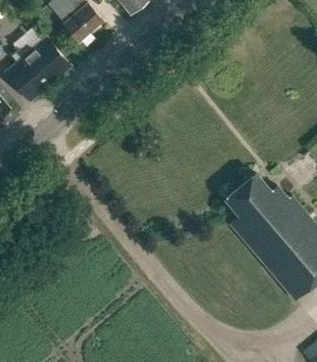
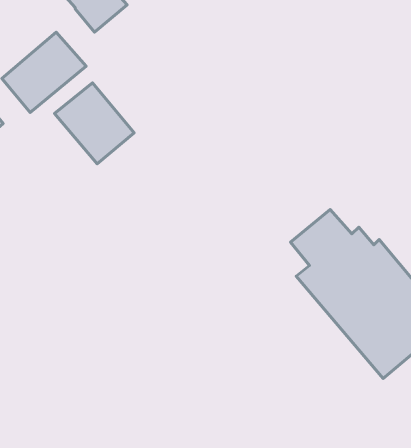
building: none -> [54,83,134,164]

